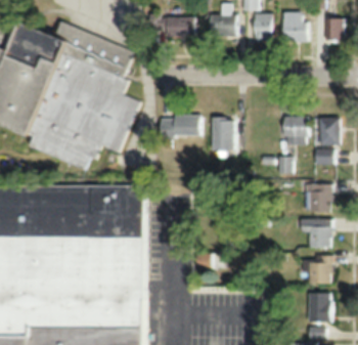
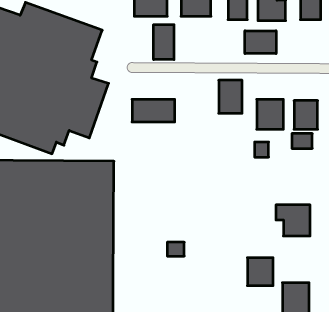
building: none -> [154,25,174,60]
building: none -> [245,31,276,54]
building: [213,119,235,150] -> [219,80,242,113]
building: [305,184,332,211] -> none
building: [308,256,332,283] -> [247,258,273,286]

